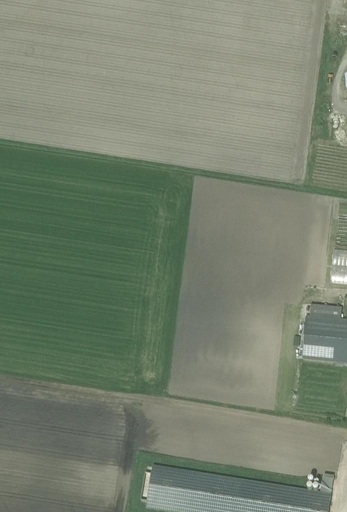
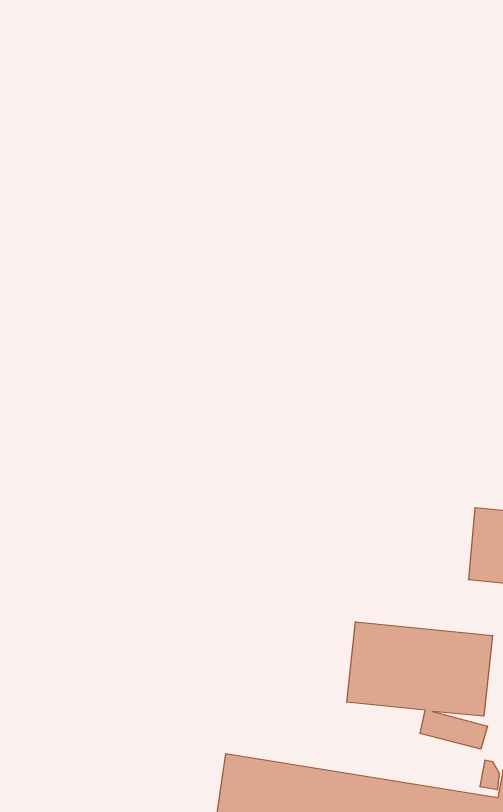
building: none -> [347,622,493,749]

